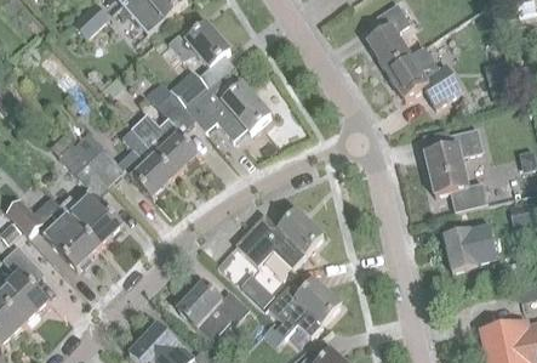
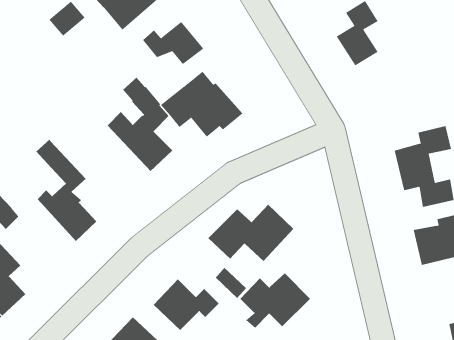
building: [384,44,463,108] -> none
building: [170,68,210,107] -> none
building: [74,129,176,198] -> none
building: [42,195,99,270] -> none

